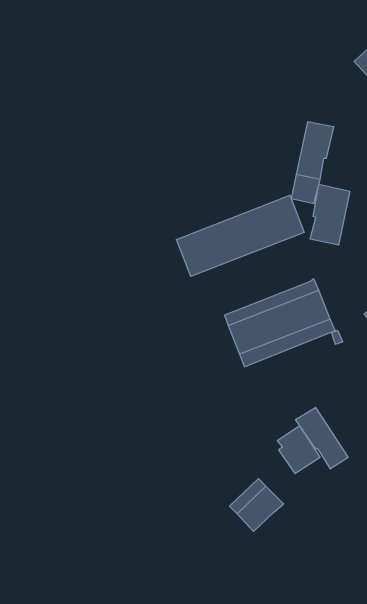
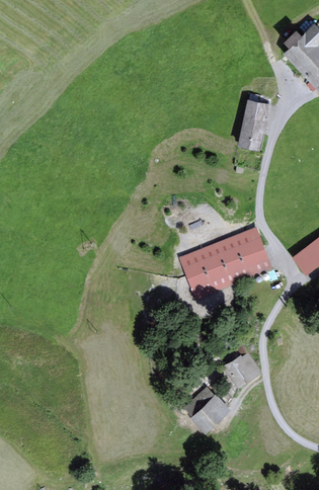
building: [310,184,350,245] -> none
building: [176,195,304,276] -> none
building: [296,407,348,469] -> none

